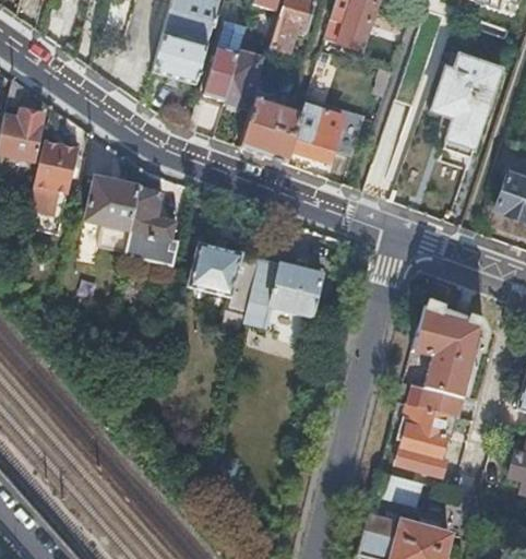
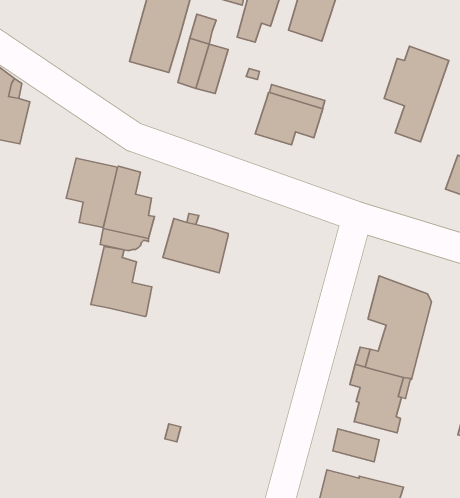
building: [241,91,302,162] -> none
building: [29,141,80,214] -> none
building: [244,258,323,330] -> none
building: none -> [91,247,152,316]

